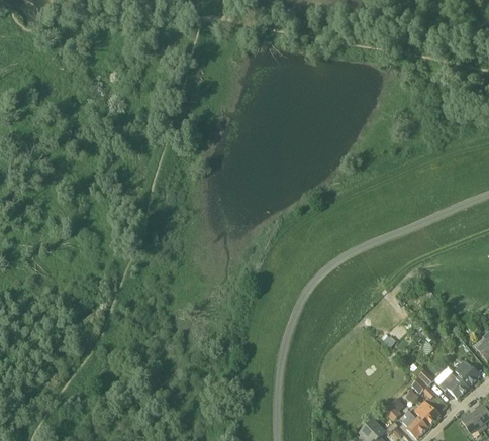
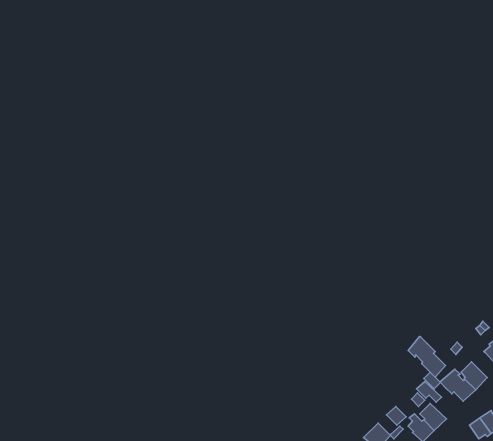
building: none -> [408,337,445,377]

